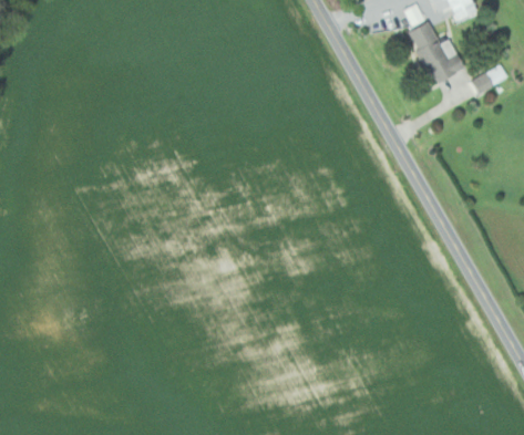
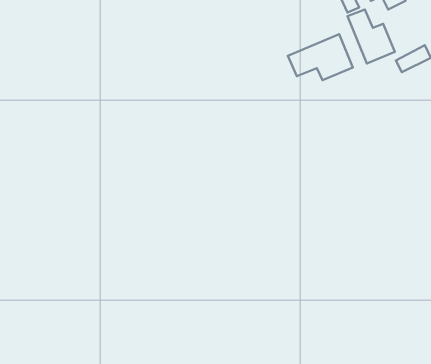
building: none -> [288,34,353,80]

